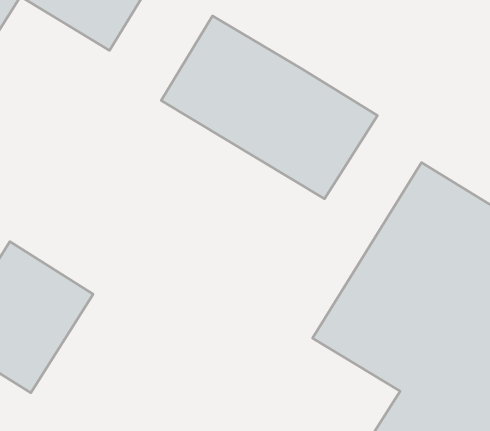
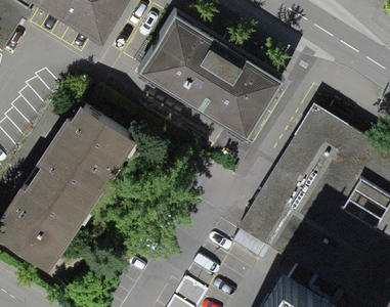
building: none -> [36,101,134,204]

